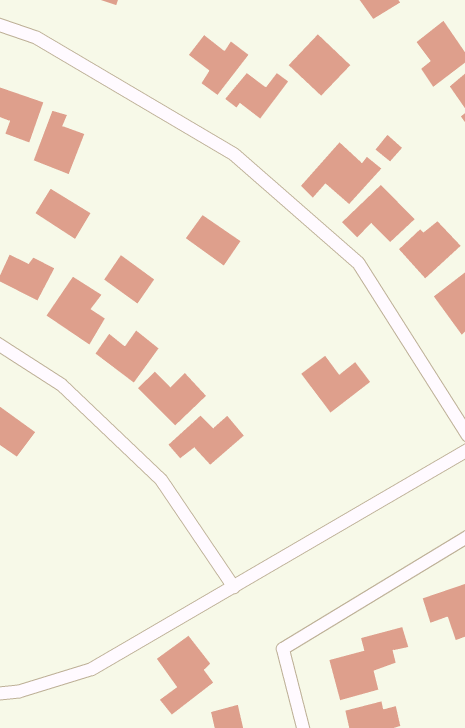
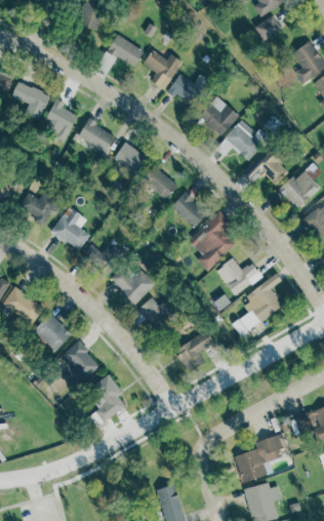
building: none -> [95,34,144,73]
building: [288,33,351,97] -> [198,95,239,136]
building: [35,188,91,240] -> [78,119,115,153]
building: none -> [170,192,207,228]
building: [103,254,155,305] -> [114,142,148,174]
building: none -> [188,209,235,272]
building: none -> [232,275,282,335]
building: none -> [34,314,71,351]
building: none -> [174,329,214,373]
building: none -> [54,338,98,386]
building: [156,635,214,716] -> [86,374,124,427]

